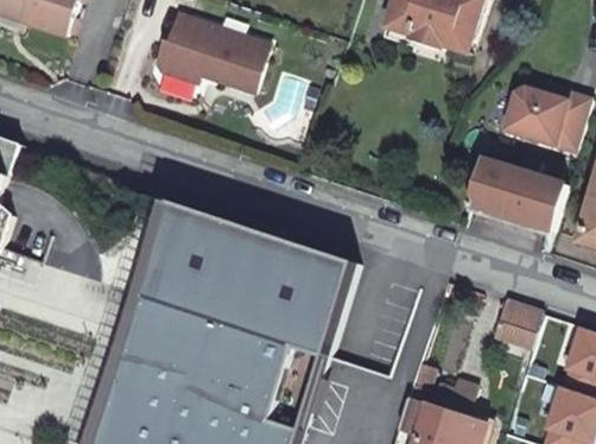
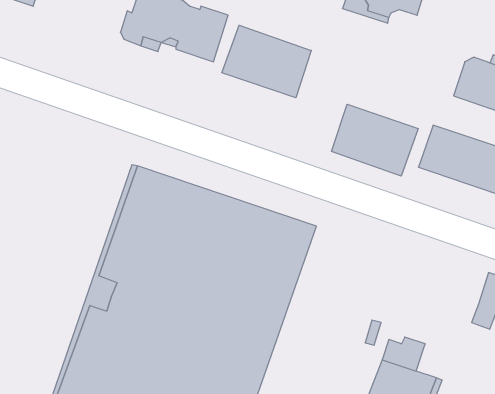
building: none -> [222,25,311,98]
building: none -> [331,104,418,176]
building: [493,300,541,347] -> none

